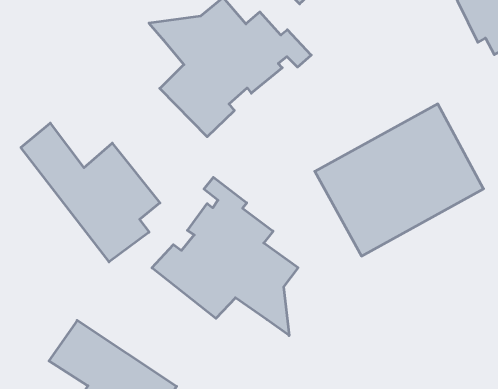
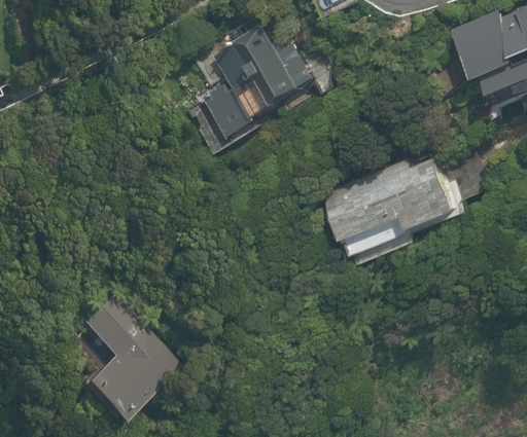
building: [21,123,160,262] -> none
building: [152,177,298,336] -> none

